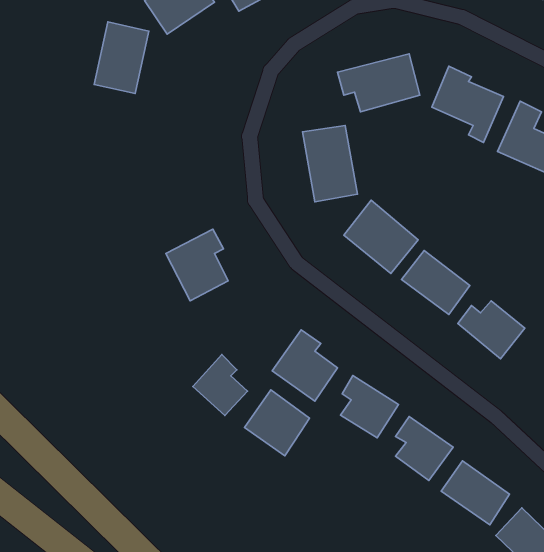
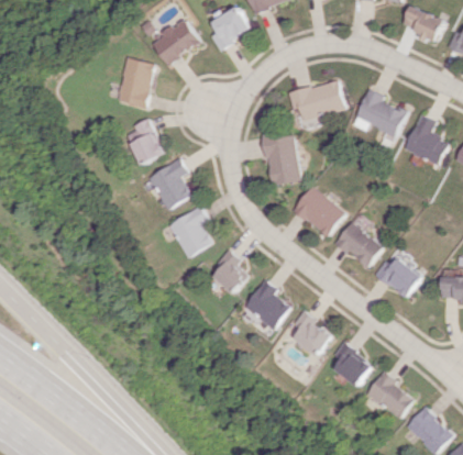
building: none -> [121,120,163,165]
building: none -> [145,158,190,210]
building: [193,355,248,416] -> [207,249,246,293]
building: [245,390,310,456] -> none

